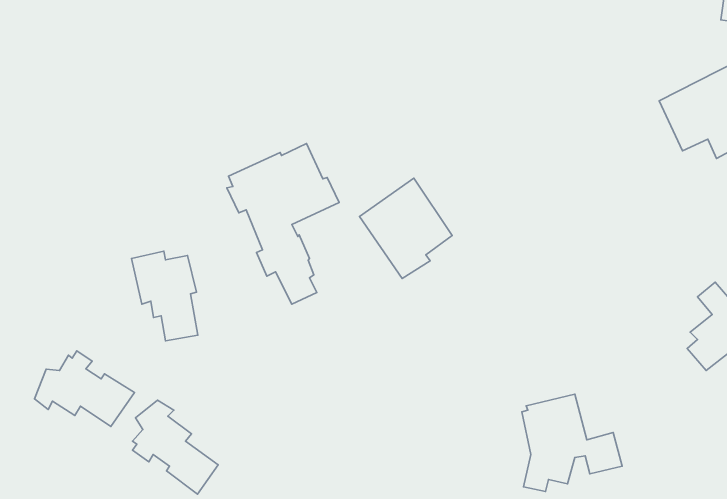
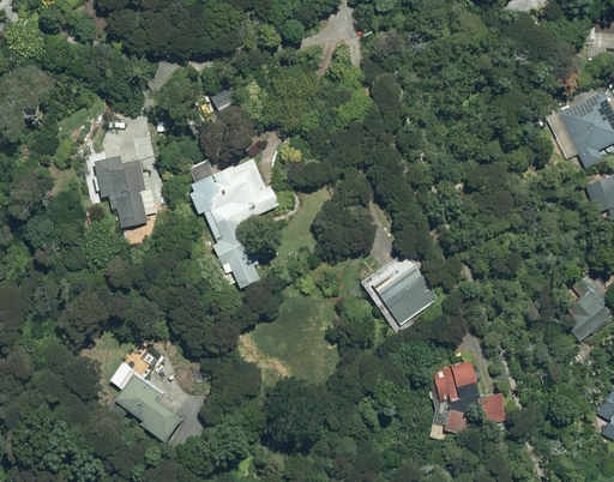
building: [359,178,452,278] -> [361,251,437,332]
building: [132,251,198,341] -> [94,153,148,227]
building: [34,351,135,426] -> none

